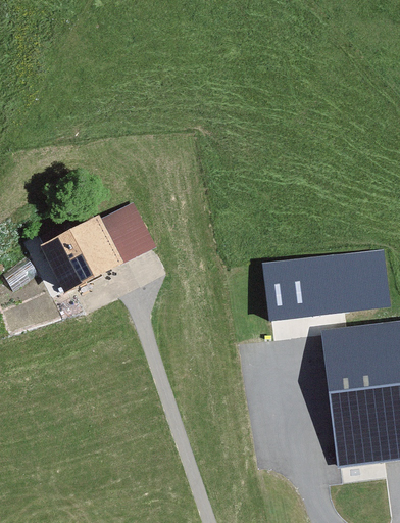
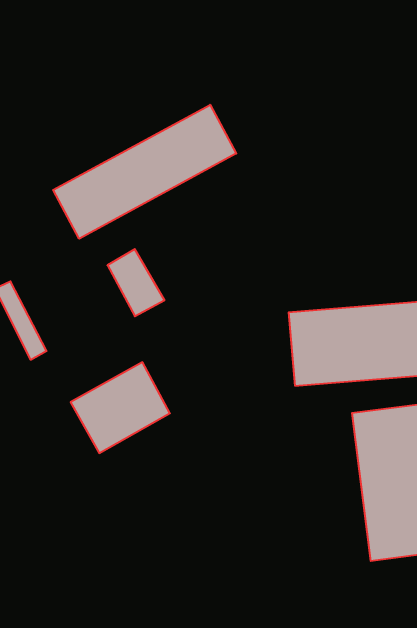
building: none -> [53,105,236,239]
building: [59,219,141,293] -> [71,362,170,453]

